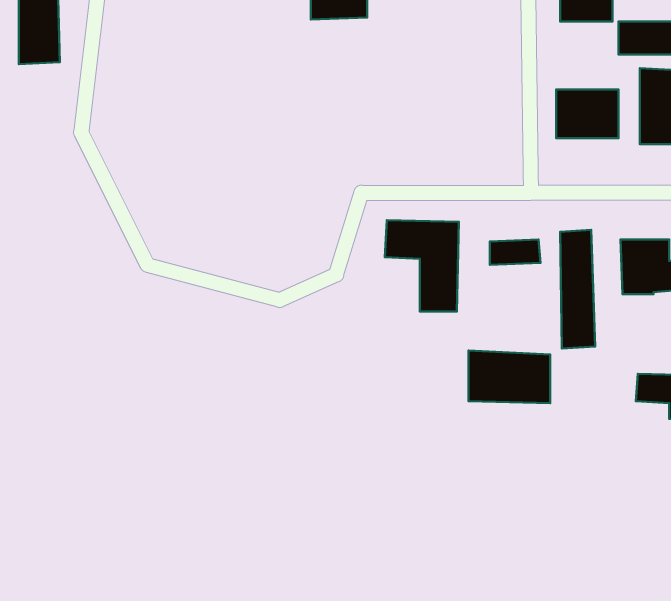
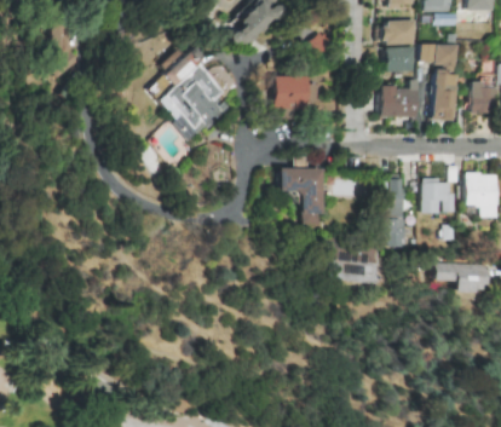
building: none -> [146,45,226,143]
building: none -> [385,46,416,71]
building: none -> [272,75,318,112]

